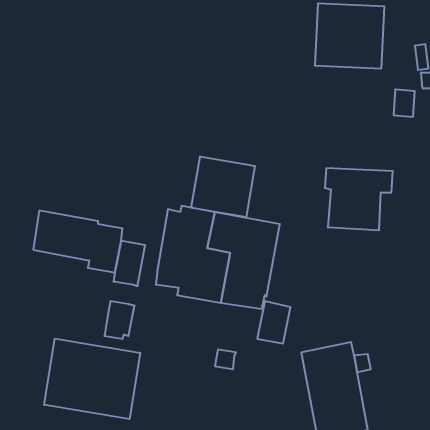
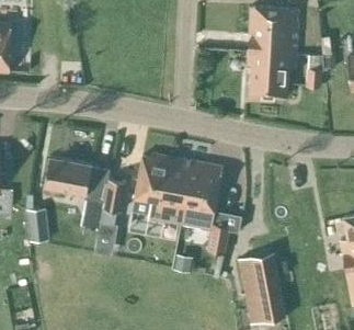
building: [191,156,255,217] -> none
building: [325,168,393,230] -> [247,50,296,95]
building: none -> [26,208,48,241]
building: [44,339,140,419] -> none

